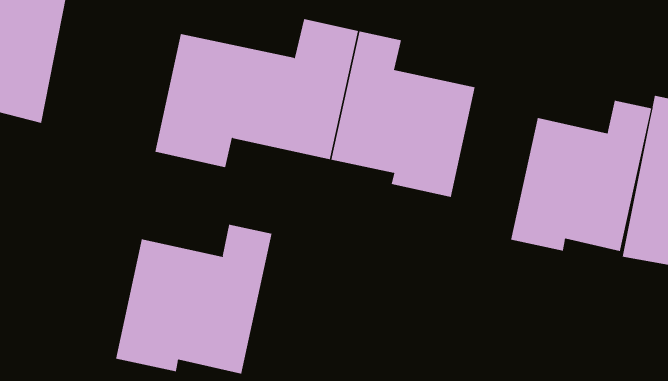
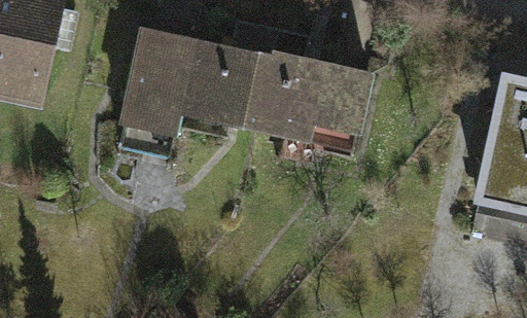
building: [511,100,652,252] -> none
building: [115,224,272,374] -> none

